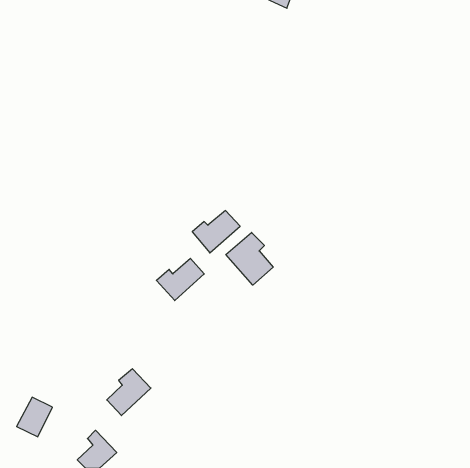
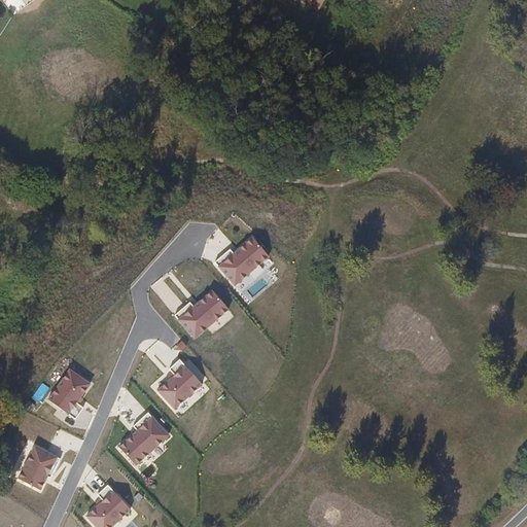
building: [226,232,273,285] -> none
building: none -> [159,357,203,407]
building: none -> [49,368,90,417]

